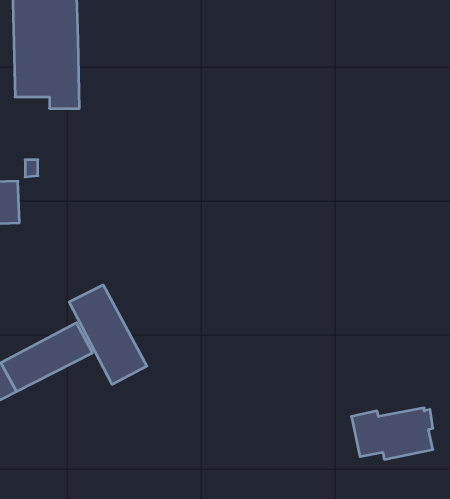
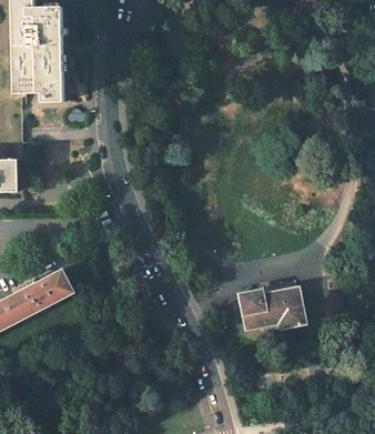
building: [69,285,147,384] -> none
building: [351,408,433,459] -> [240,291,303,331]

